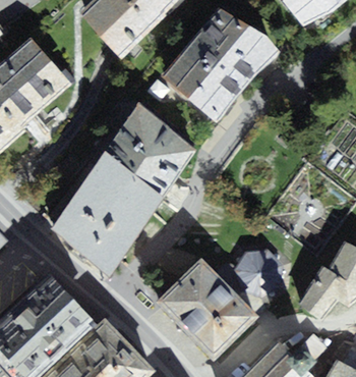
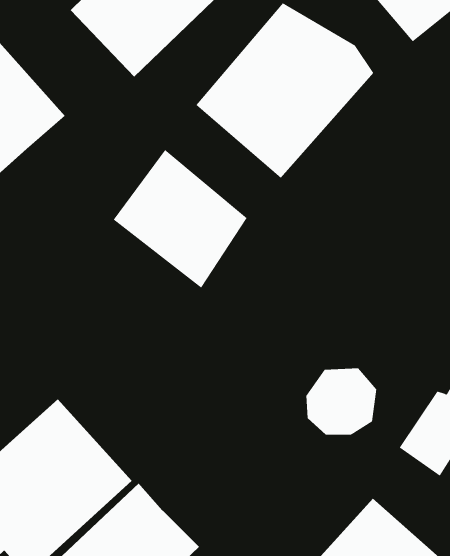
building: [48,152,163,276] -> none
building: [155,258,252,356] -> none

